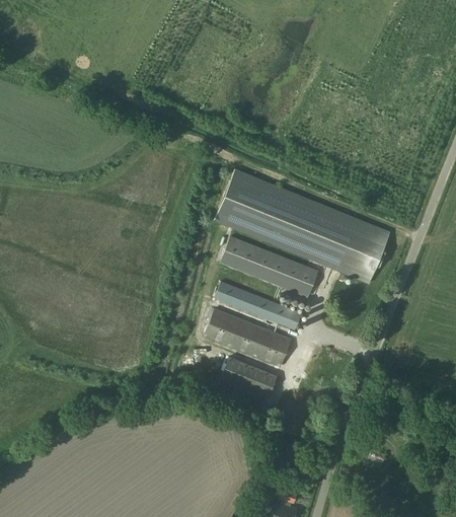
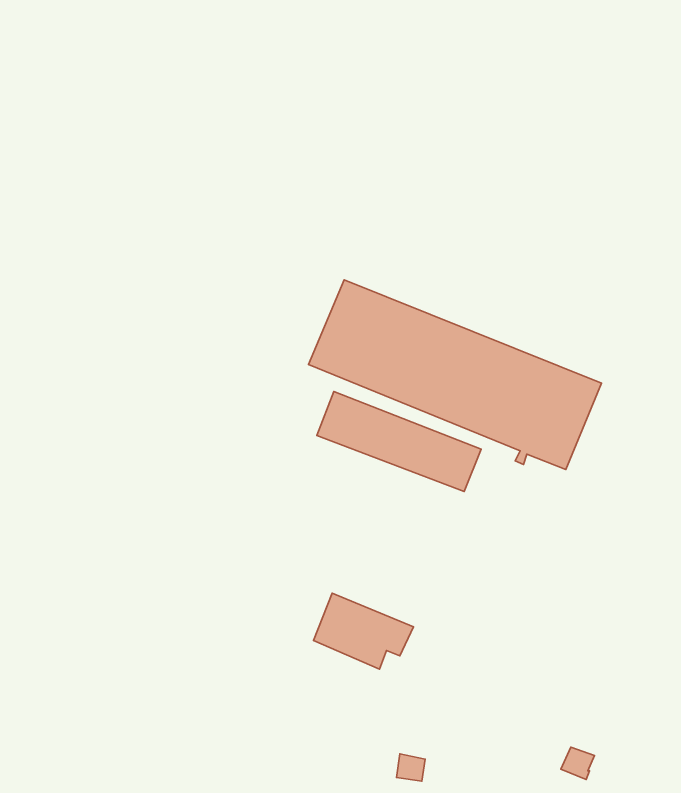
building: [215,281,302,328] -> none
building: [204,308,292,365] -> none

